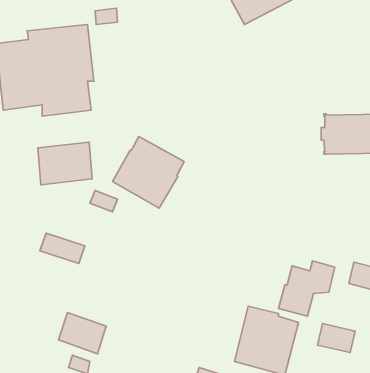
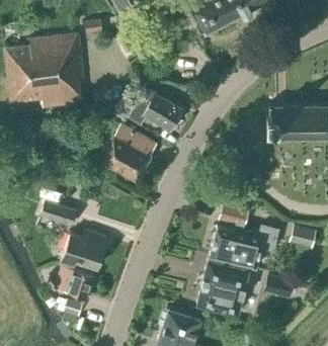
building: none -> [128,96,183,132]
building: [38,142,92,185] -> none
building: none -> [210,204,248,263]
building: none -> [61,232,108,269]

